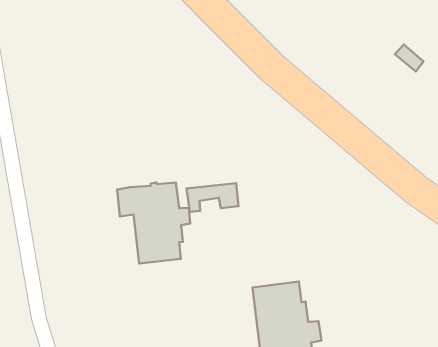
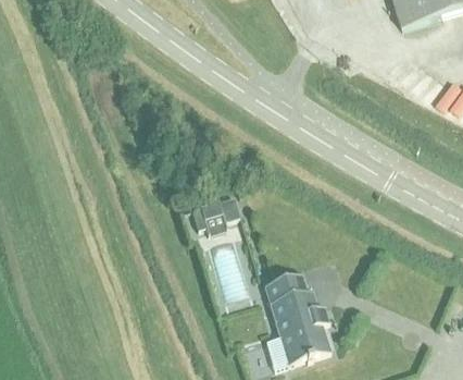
building: [117,182,190,263] -> none

